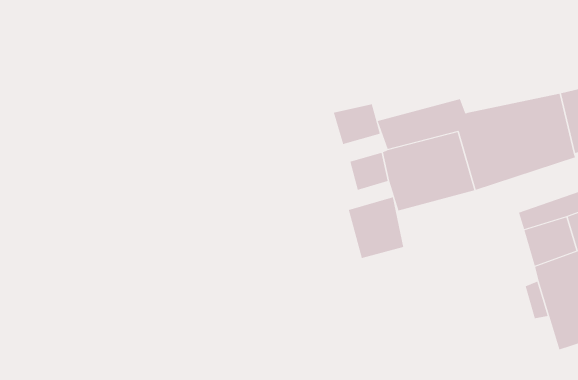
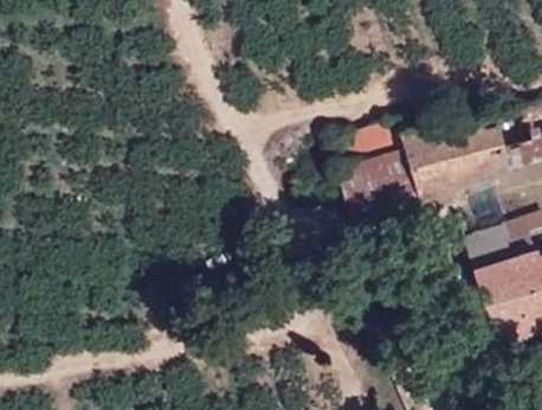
building: [333,104,381,145] -> none
building: [348,196,404,259] -> none

